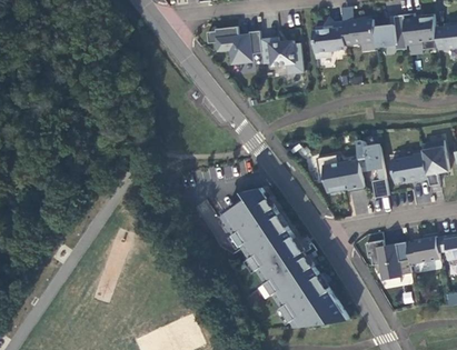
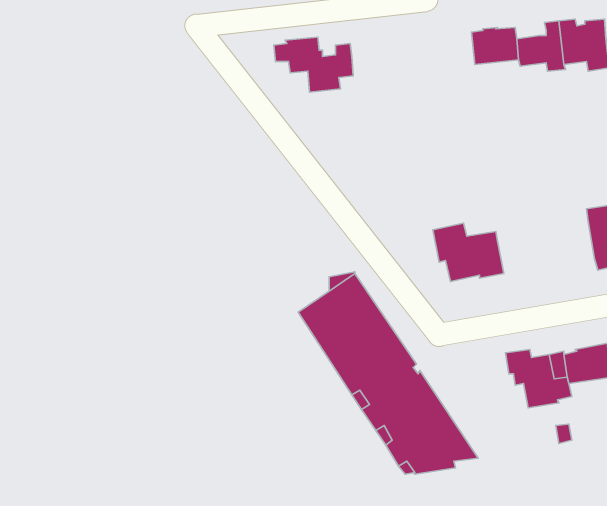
building: [312,21,345,58] -> none
building: [260,37,304,73] -> none
building: [356,140,388,198] -> none
building: [390,152,427,182] -> none

